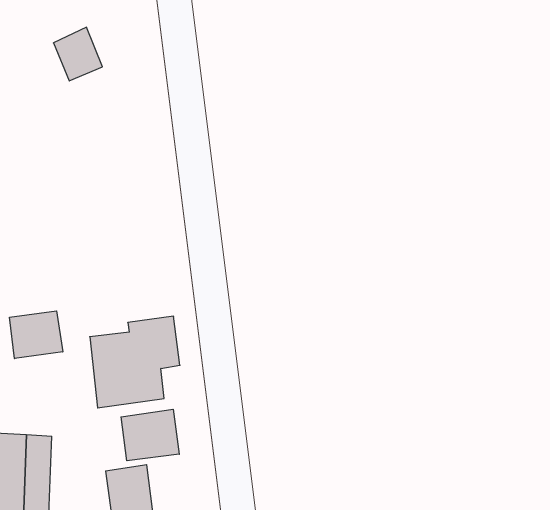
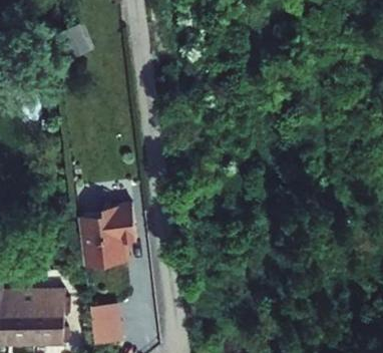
building: [10,311,63,359] -> none
building: [121,409,179,461] -> none

